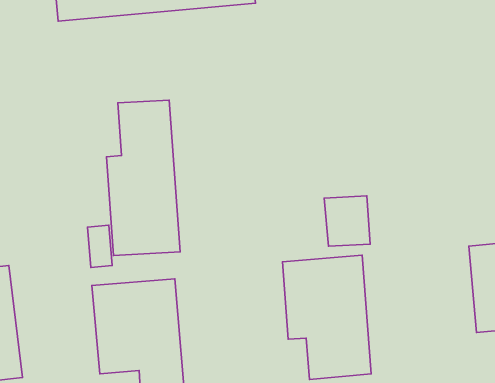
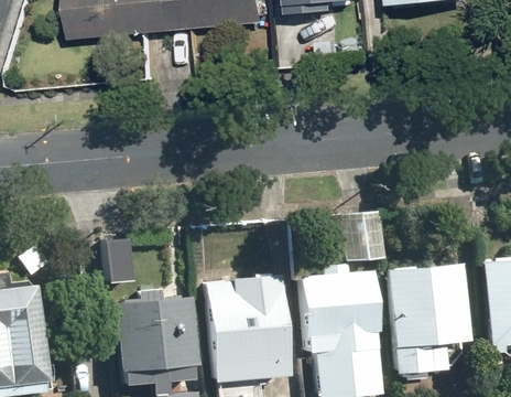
building: [106,100,180,256] -> none
building: none -> [385,265,468,373]
building: none -> [206,276,291,380]

